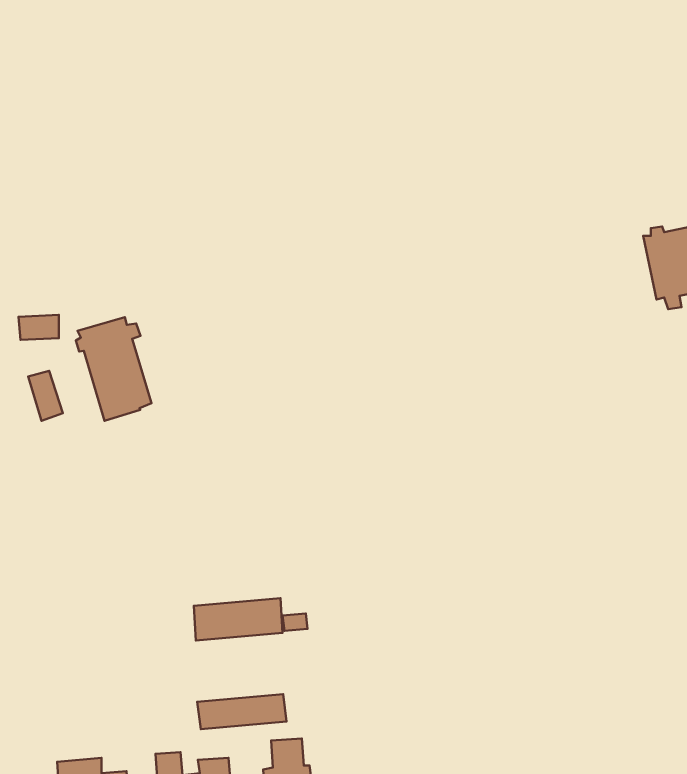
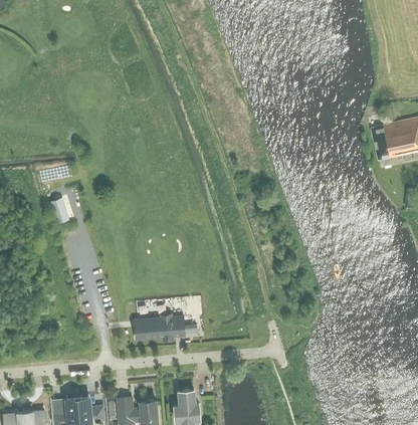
building: [76,317,152,421] -> none
building: [197,694,287,729] -> none

